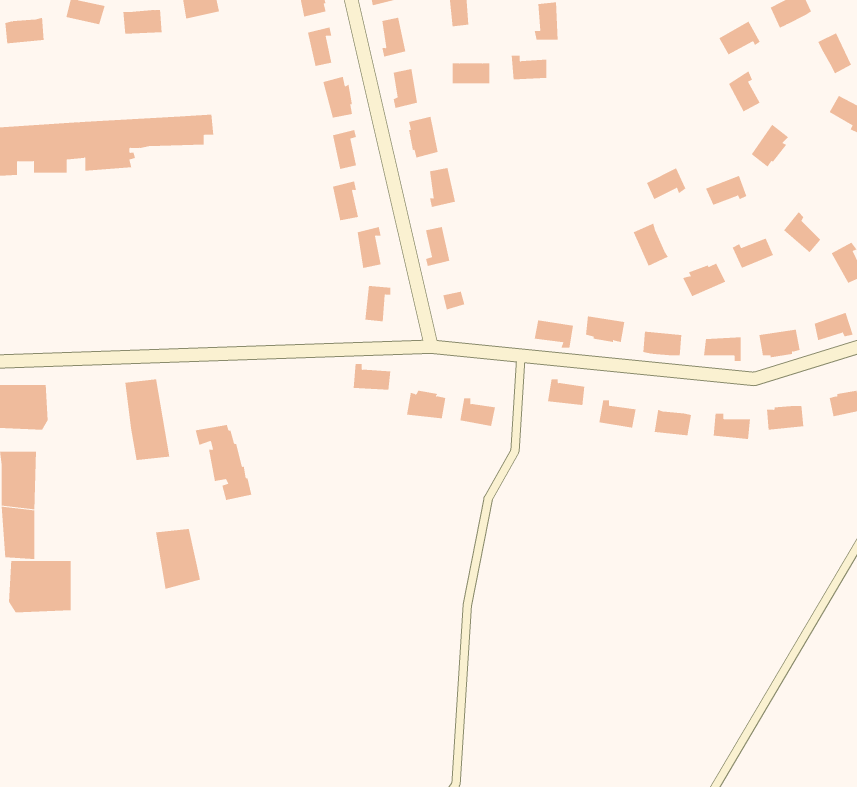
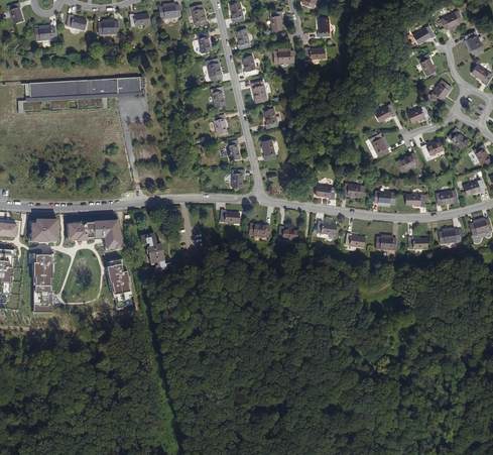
building: none -> [67,219,102,245]
building: [155,528,201,589] -> [105,258,129,291]
building: [9,560,71,613] -> none

